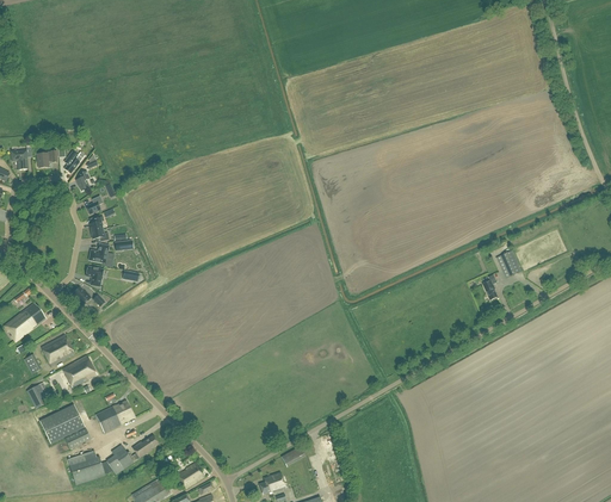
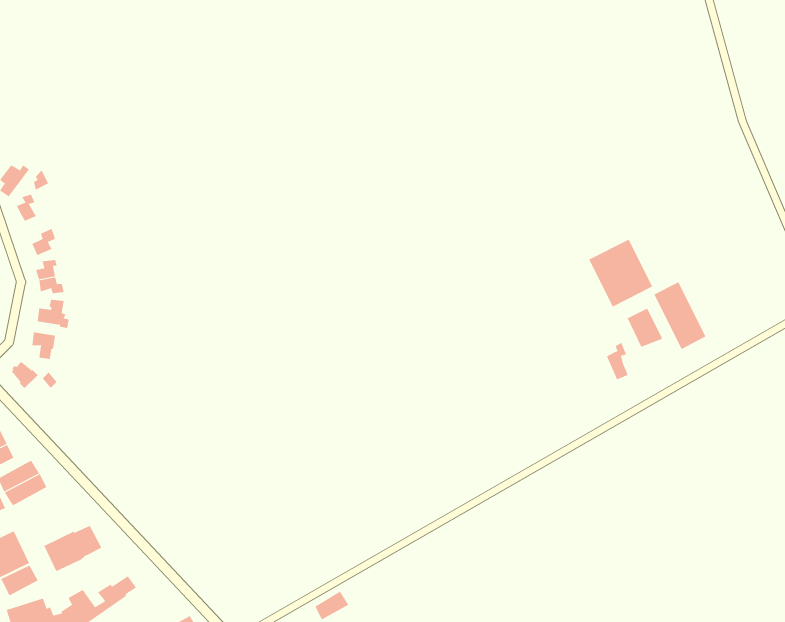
building: none -> [588,239,653,307]
building: none -> [654,281,706,350]

